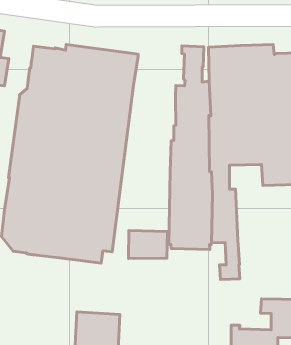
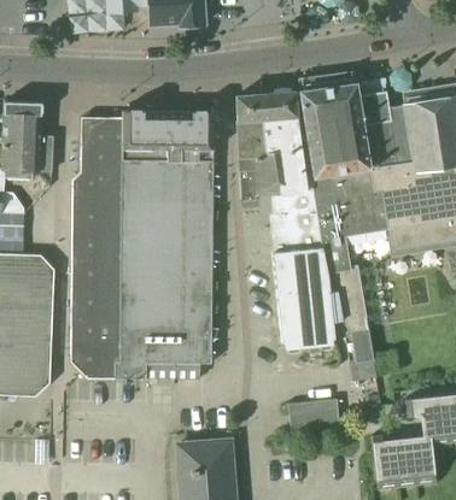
building: none -> [236,93,276,200]
building: [128,231,167,258] -> [287,398,339,437]

